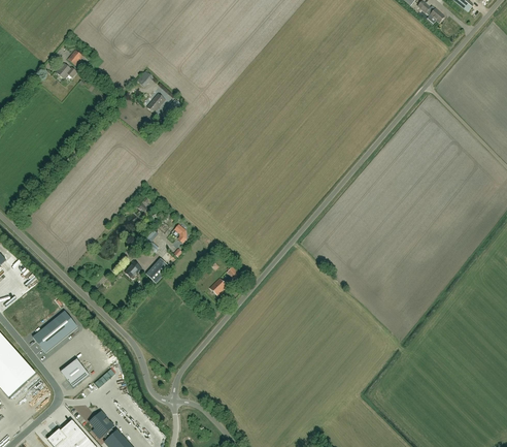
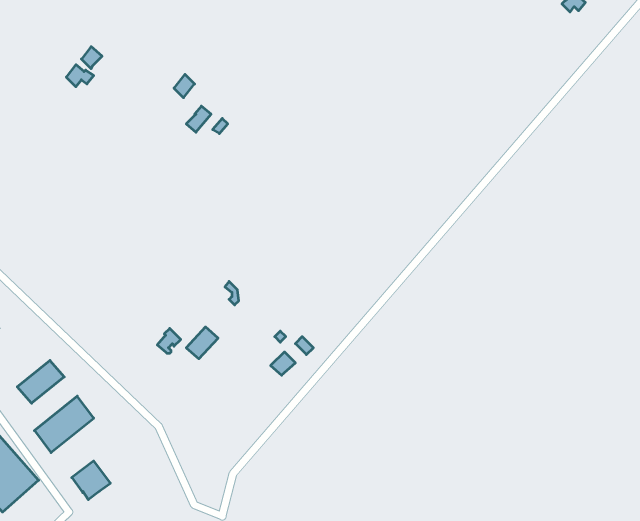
building: none -> [17,360,64,403]

